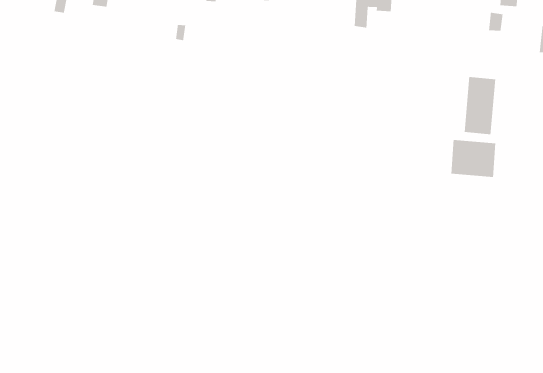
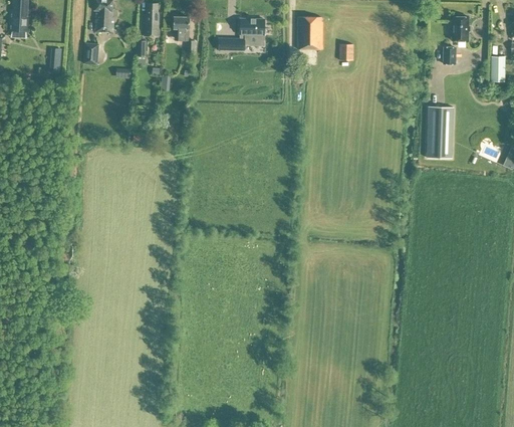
building: [450,139,496,178] -> none

